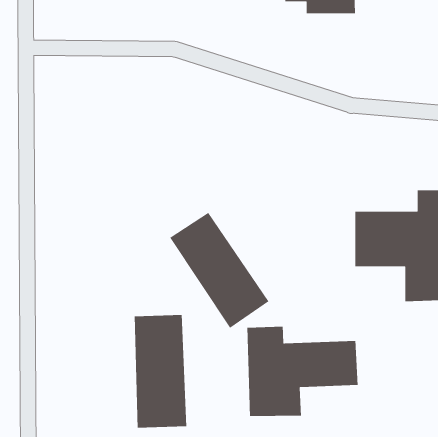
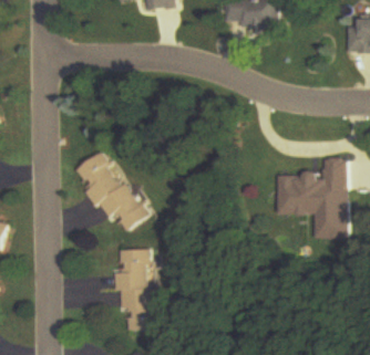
building: [169,212,269,329] -> [75,152,148,237]
building: [247,326,358,417] -> none

